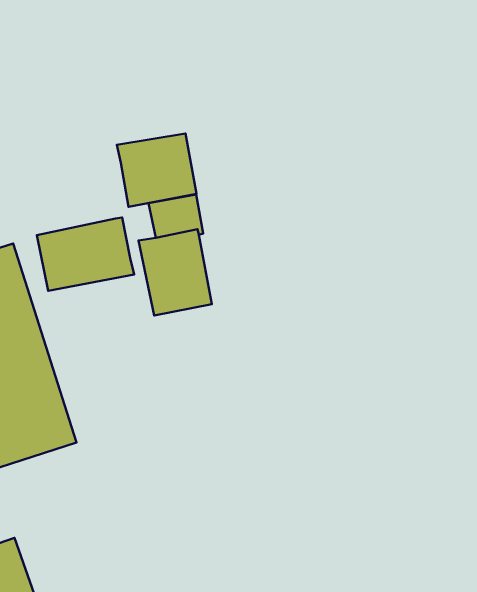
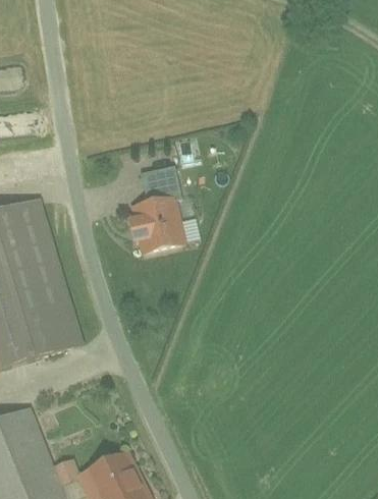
building: [117,133,197,207] -> none
building: [37,217,134,291] -> none

